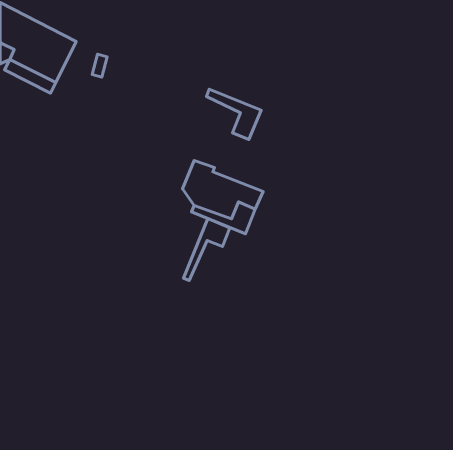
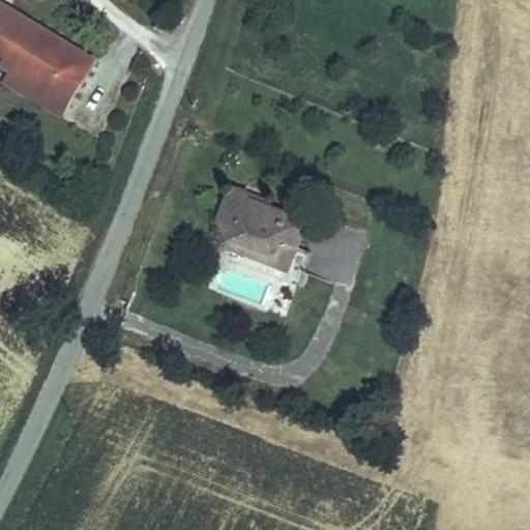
building: [206,89,261,139] -> none
building: [183,218,230,280] -> none

